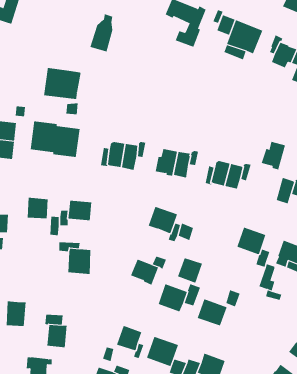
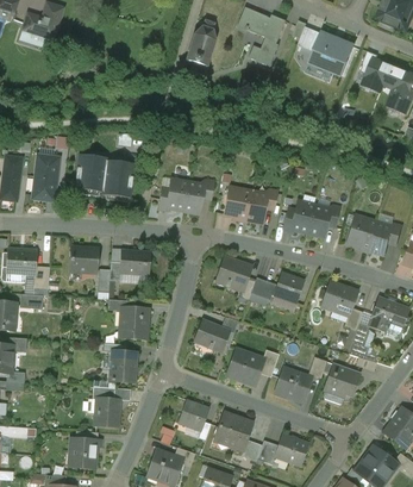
building: [89,13,113,52] -> [186,19,214,65]
building: [44,67,81,100] -> none
building: [261,141,286,170] -> [346,217,376,251]
building: [177,258,203,283] -> [273,271,304,302]
building: none -> [324,364,357,404]
building: [6,301,27,327] -> [111,350,136,381]

